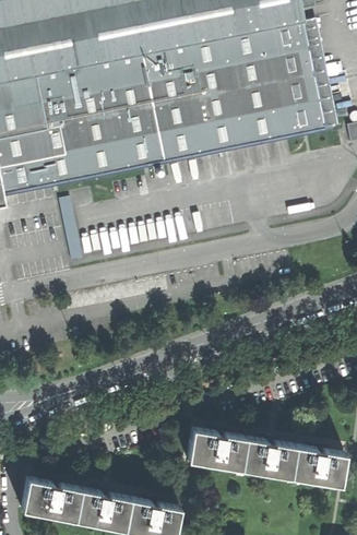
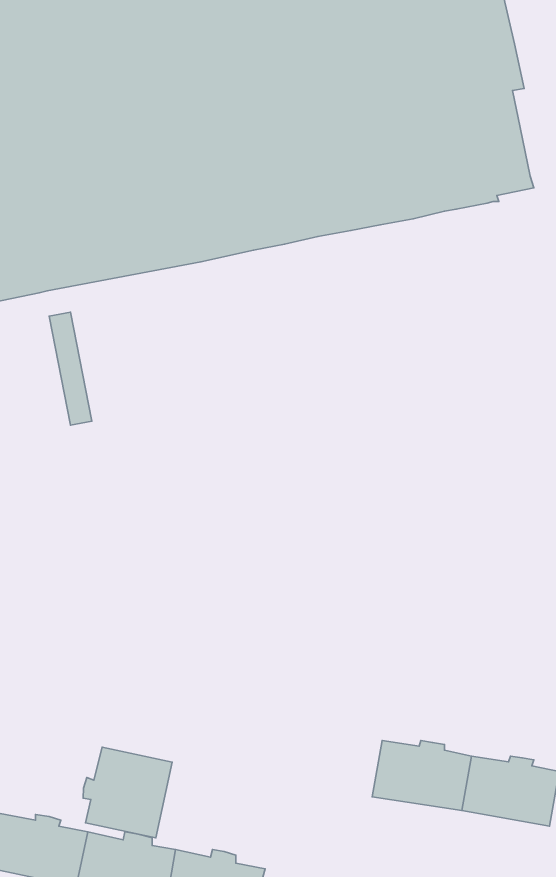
building: [187,428,245,468] -> none
building: none -> [83,747,172,838]

